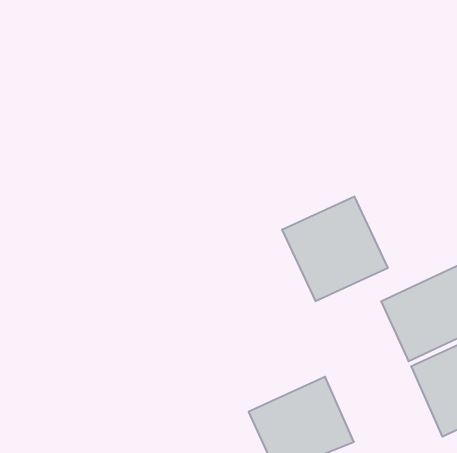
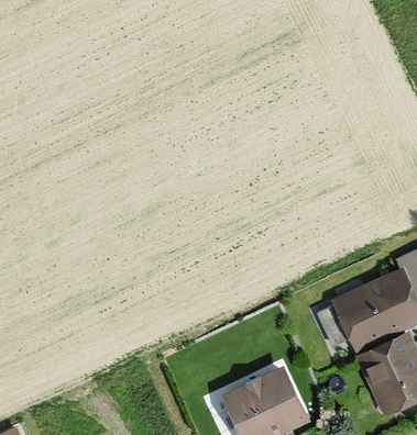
building: [282,196,388,301] -> none

